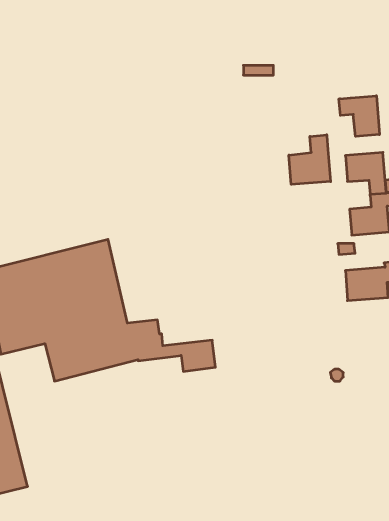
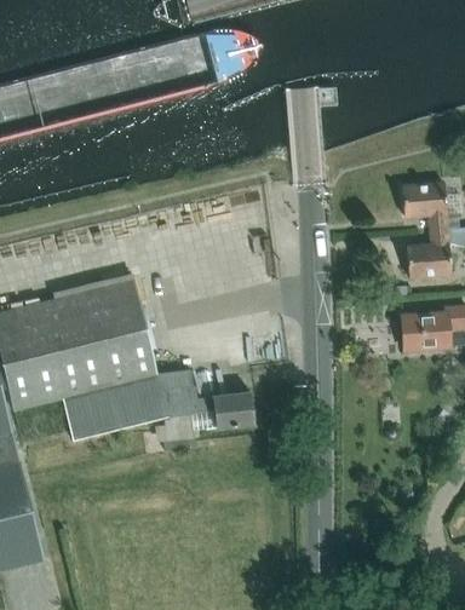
building: [339,96,379,136] -> none
building: [289,135,331,184] -> none

